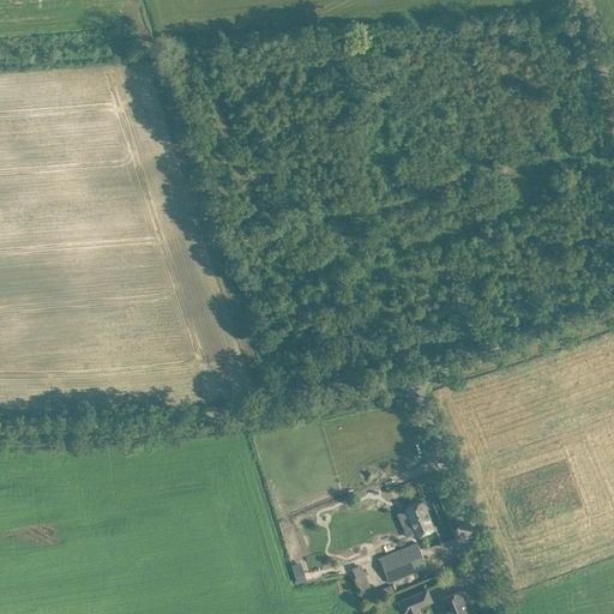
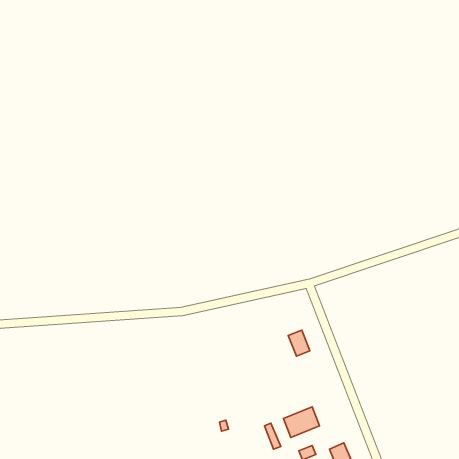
building: [404,502,433,537] -> [288,330,310,356]

